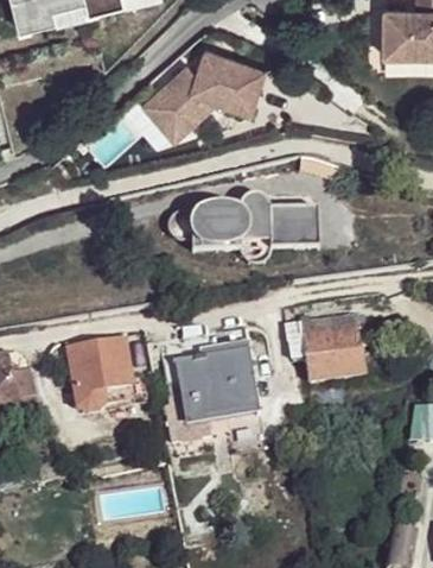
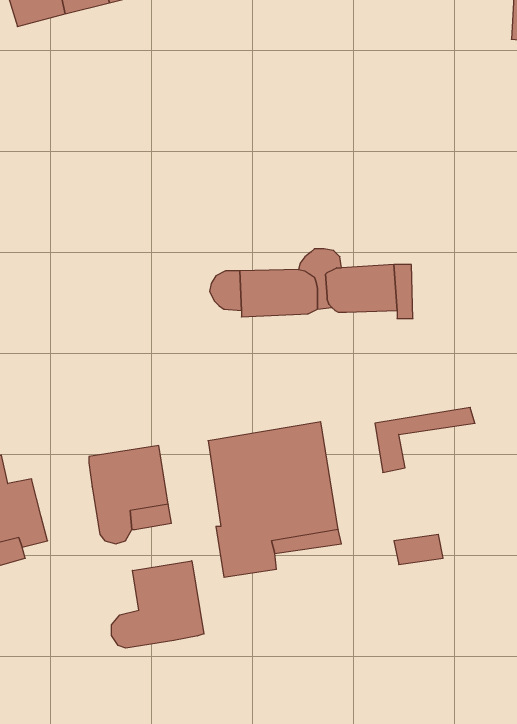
building: [140,50,263,139] -> none
building: [301,327,365,381] -> none
building: none -> [111,561,204,648]

